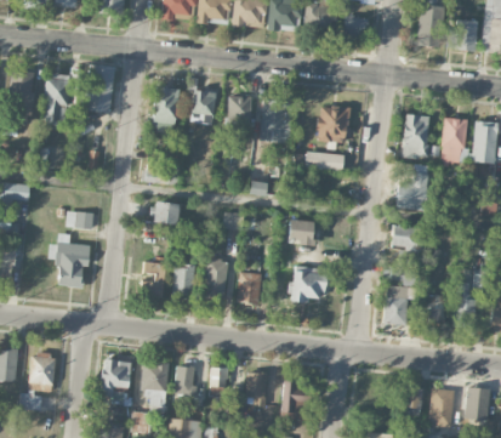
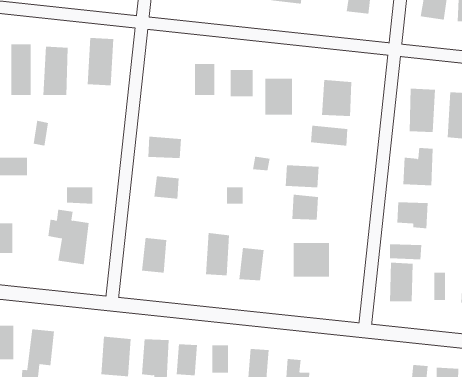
building: [153,86,180,132] -> none
building: none -> [285,164,319,188]
building: [173,263,195,296] -> none

